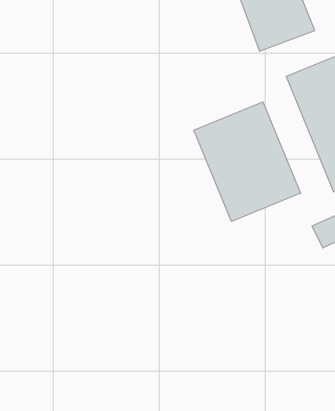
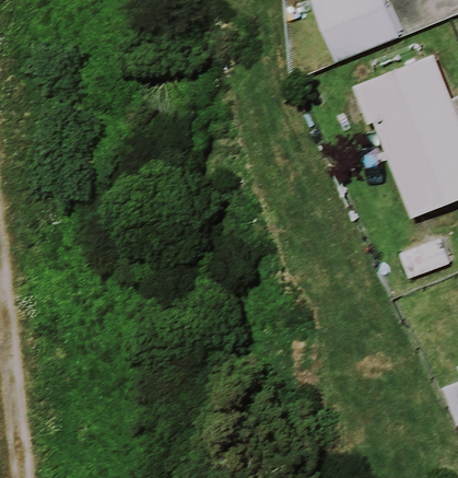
building: [194,102,301,221] -> none

